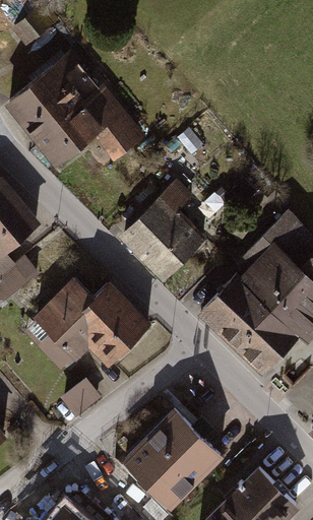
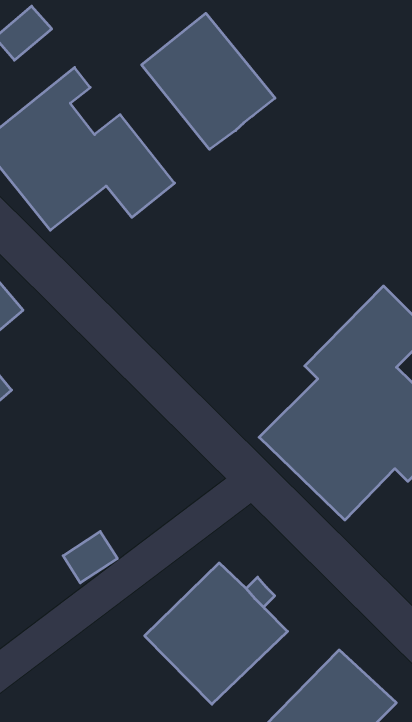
building: none -> [142,13,275,149]
building: [116,180,208,286] -> none
building: [29,275,151,371] -> none

